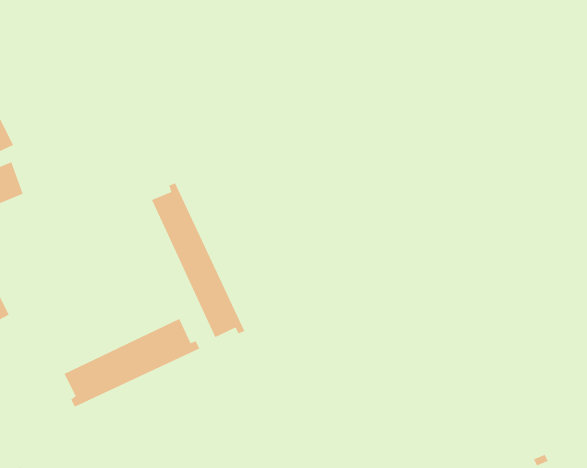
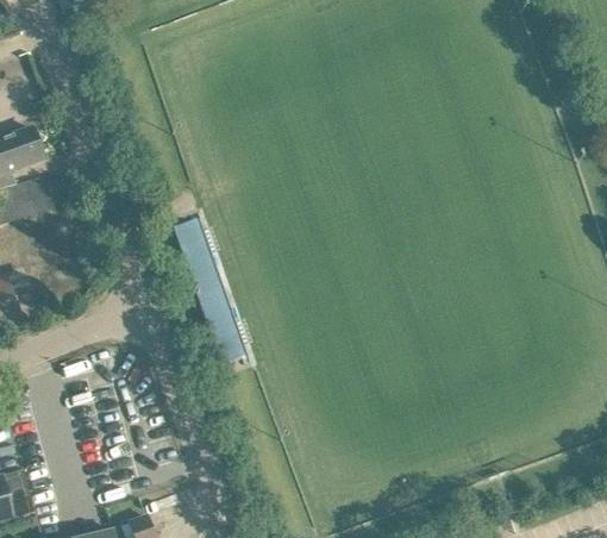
building: [64,318,200,408] -> none

